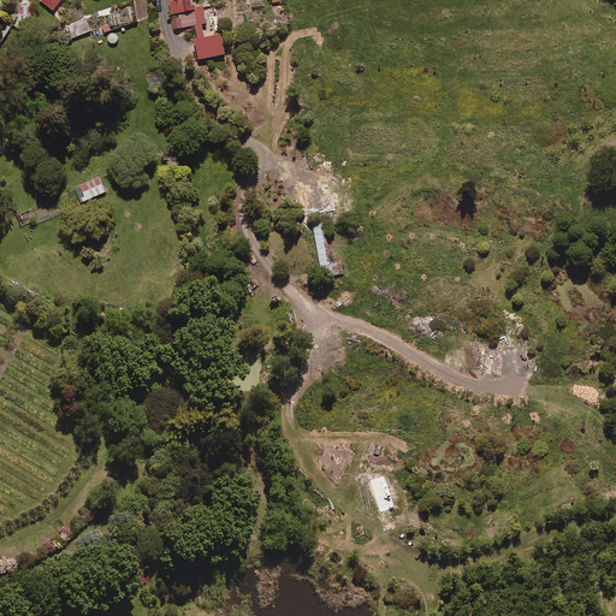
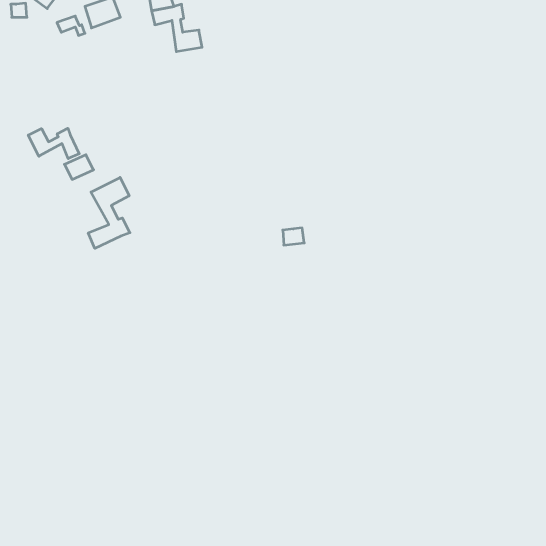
building: none -> [28,128,79,159]
building: none -> [88,177,130,248]

